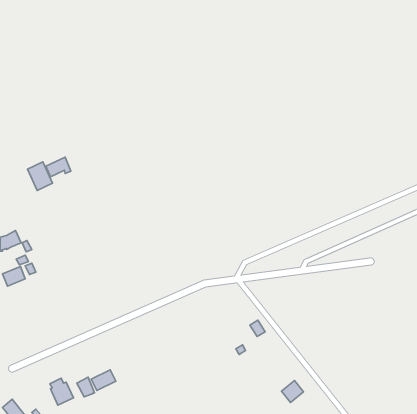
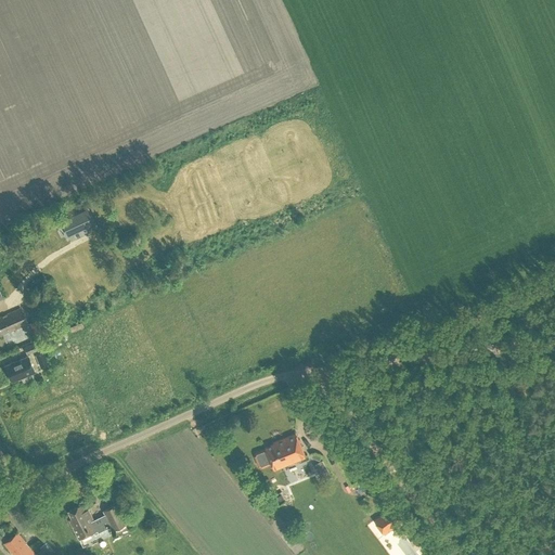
building: [27,162,53,191] -> none
building: none -> [255,435,305,470]
building: [91,370,116,390] -> none

